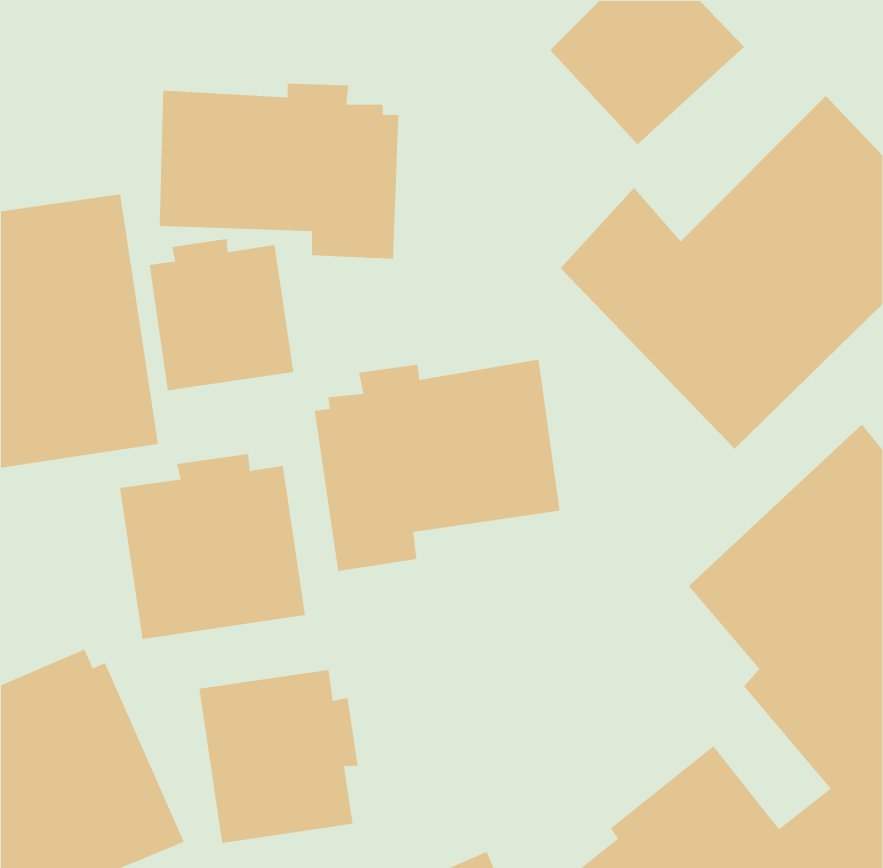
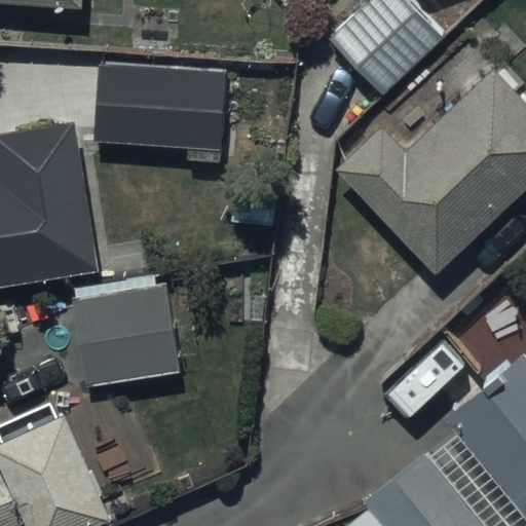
building: [149,238,294,391] -> none
building: [314,359,560,572] -> none
building: [198,669,359,844] -> none

